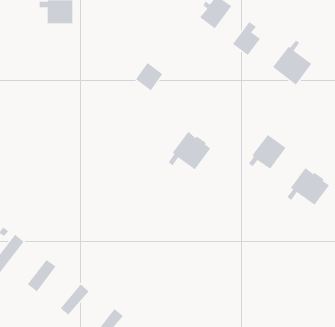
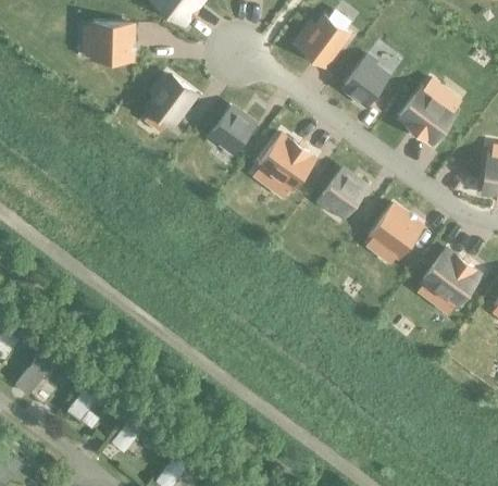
building: none -> [148,78,192,126]
building: none -> [322,174,361,213]
building: [168,131,211,170] -> [253,136,312,189]

